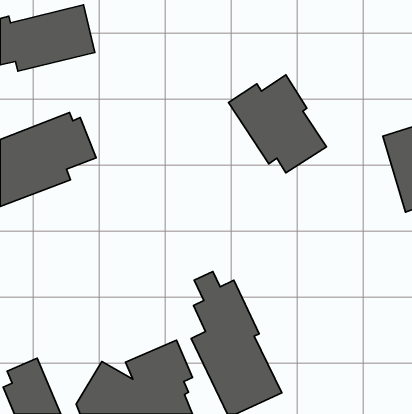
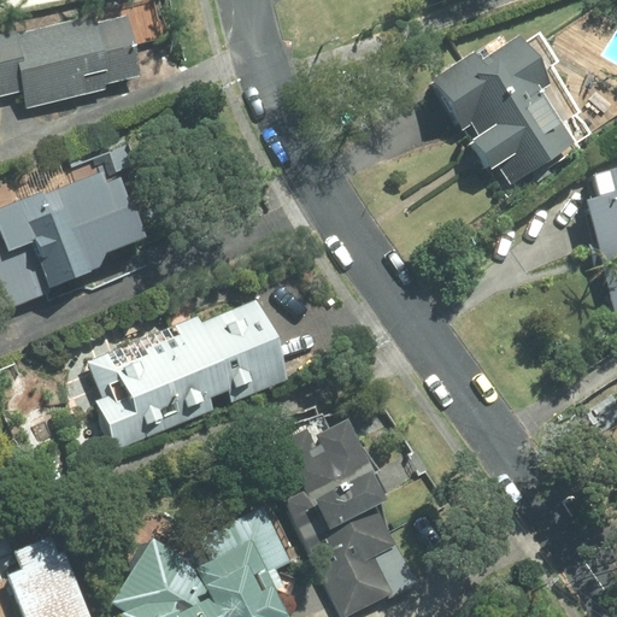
building: [228,75,326,173] -> [418,39,564,184]
building: none -> [88,299,290,451]

